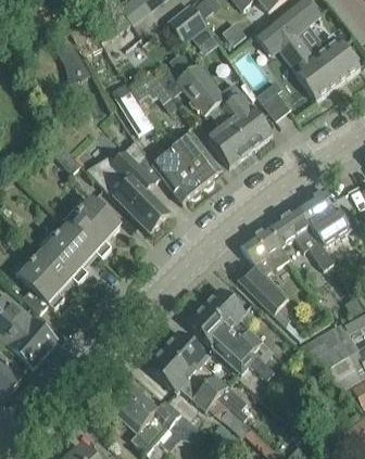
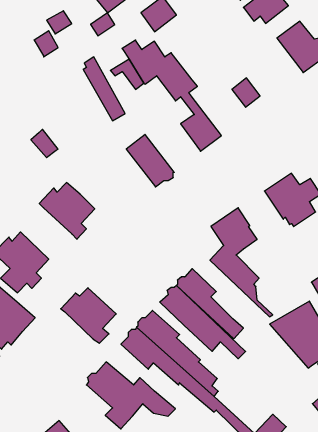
building: [255,17,336,100] -> none
building: [217,82,273,150] -> none
building: [172,133,222,188] -> none
building: [86,140,169,233] -> none
building: [268,207,333,268] -> none
building: [38,225,96,282] -> [61,288,116,343]

